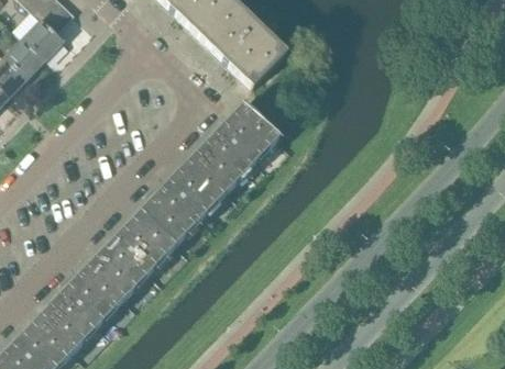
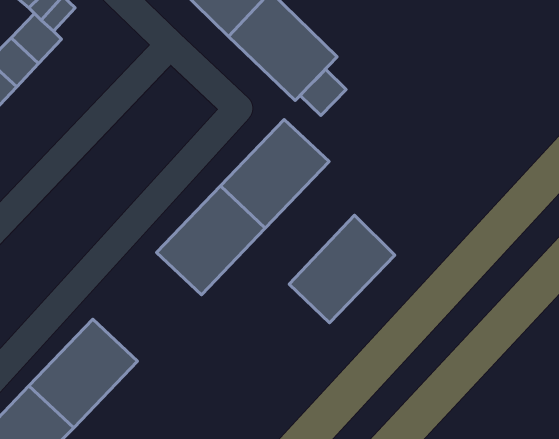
building: none -> [300,69,346,116]
building: none -> [289,215,395,323]
building: [89,209,177,297] -> none

